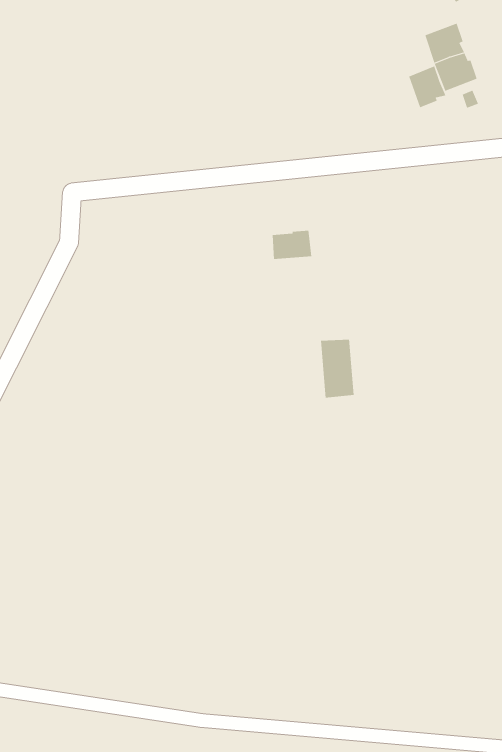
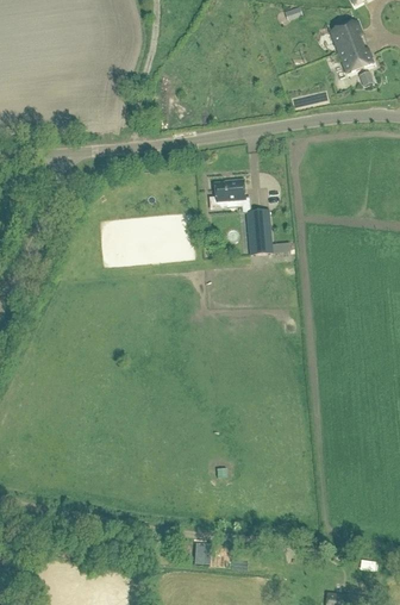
building: [408,66,446,108] -> none
building: [320,339,354,398] -> [246,210,273,255]

